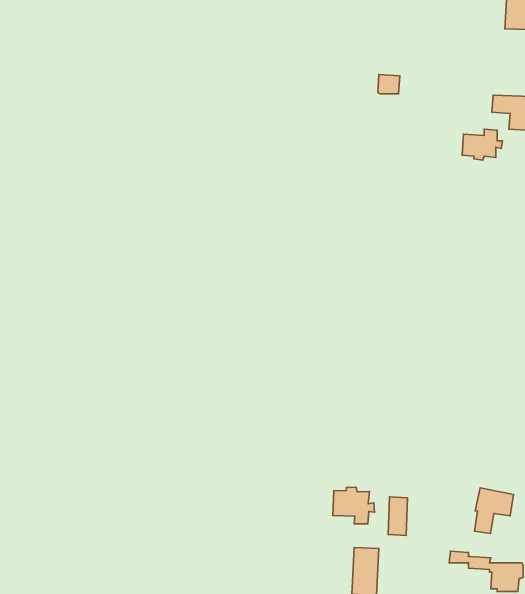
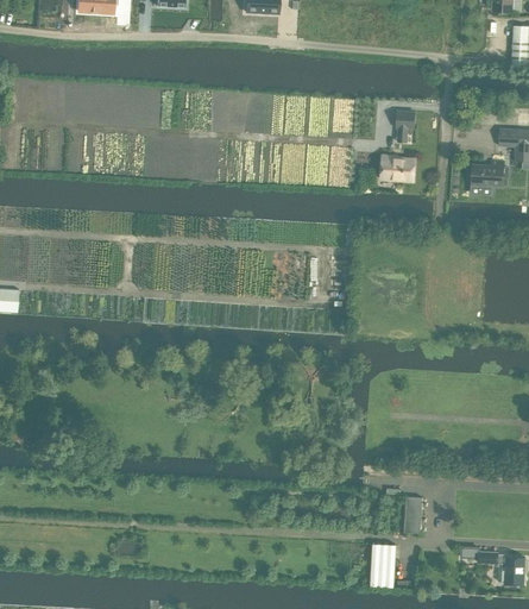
building: none -> [378,152,415,182]
building: [333,487,374,524] -> none
building: [474,488,514,533] -> none

